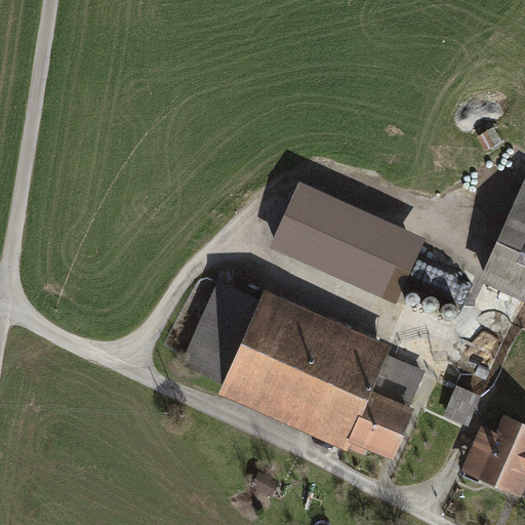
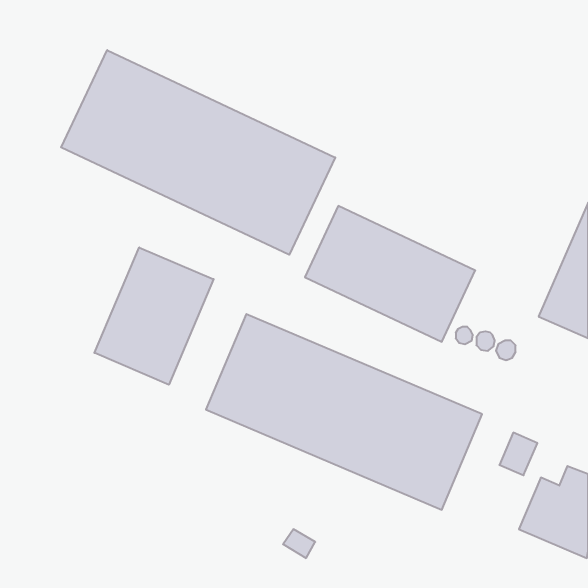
building: none -> [61,50,335,255]
building: none -> [94,247,214,385]

